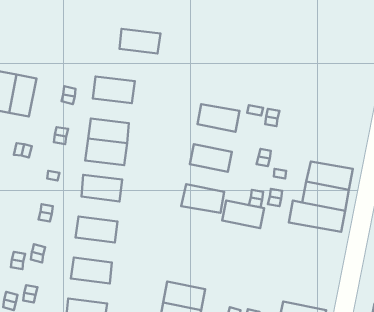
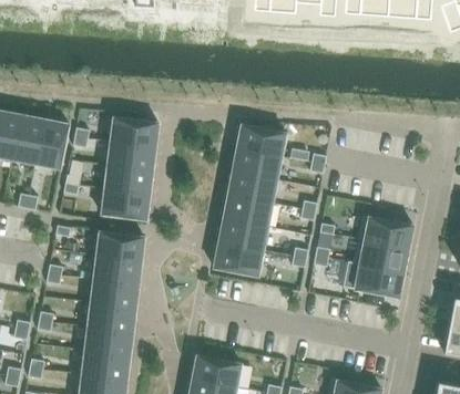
building: [120,29,161,54] -> [108,143,155,172]
building: none -> [35,120,69,169]
building: none -> [236,124,286,157]
building: none -> [227,173,276,205]
building: none -> [93,257,141,286]
building: [222,201,264,228] -> [218,219,267,251]
building: none -> [88,304,135,333]
building: none -> [81,352,130,381]

